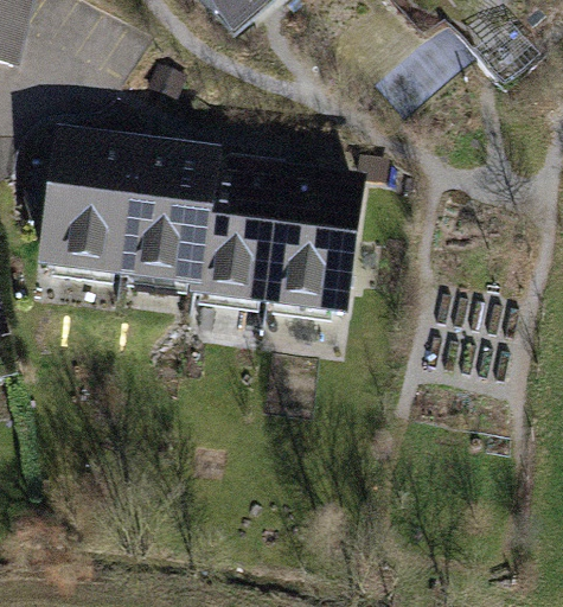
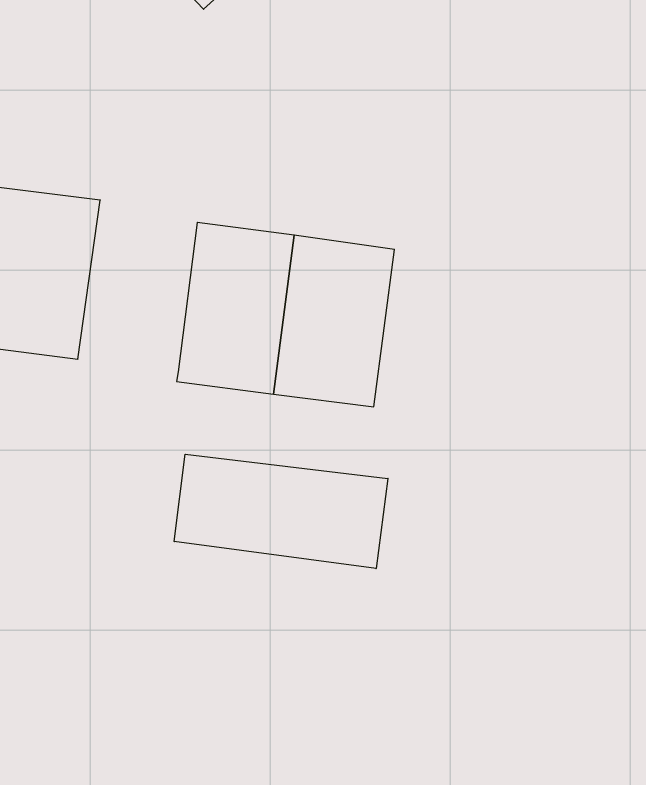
building: [109,156,199,285] -> none
building: none -> [174,454,388,569]

